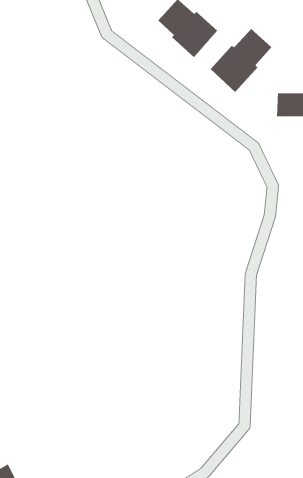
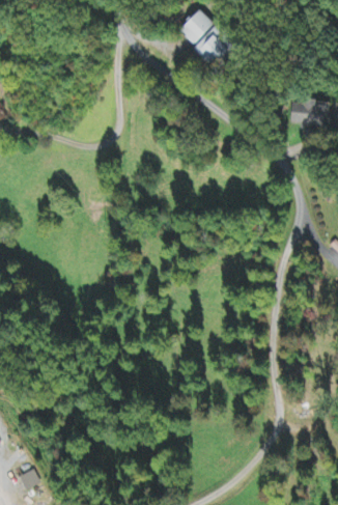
building: [210,28,272,93] -> none

